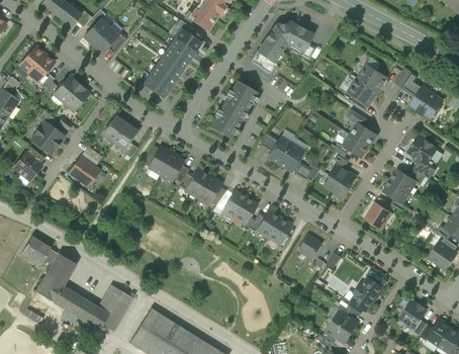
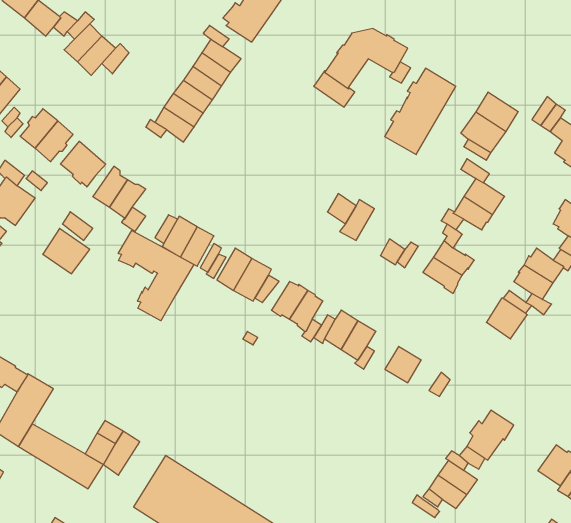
building: [209,81,257,139] -> [385,68,456,155]
building: none -> [60,141,106,187]
building: [278,143,303,172] -> none
building: none -> [118,230,194,321]

